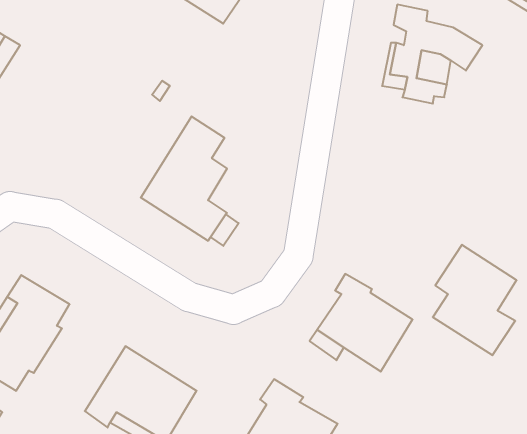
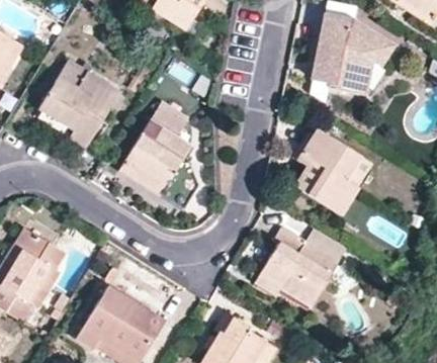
building: none -> [39,58,120,146]
building: [433,245,517,355] -> [295,126,362,214]

